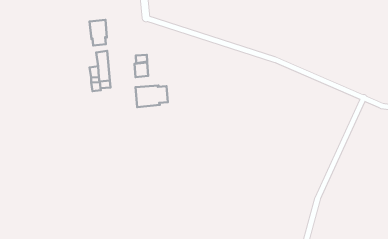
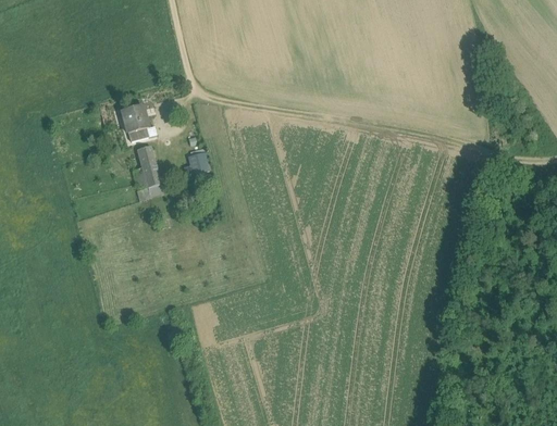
building: [136,86,168,107] -> none

